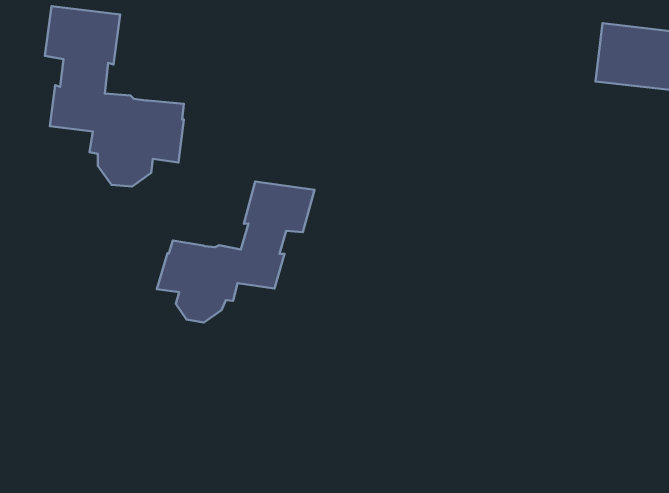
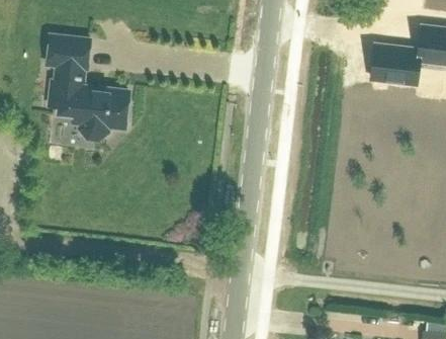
building: [157,182,314,323] -> none

